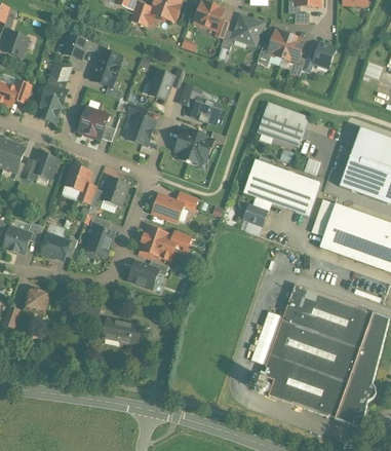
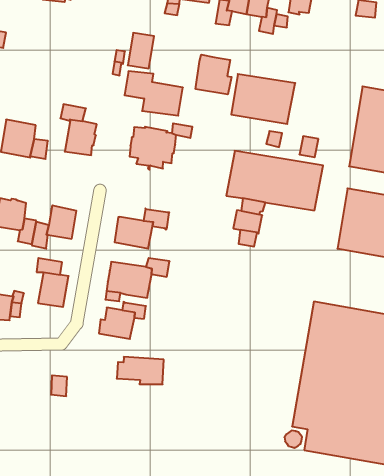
building: [92,51,122,87] -> none
building: [149,70,172,99] -> [128,33,154,68]
building: none -> [196,55,232,94]
building: [103,318,141,344] -> [117,357,164,384]

